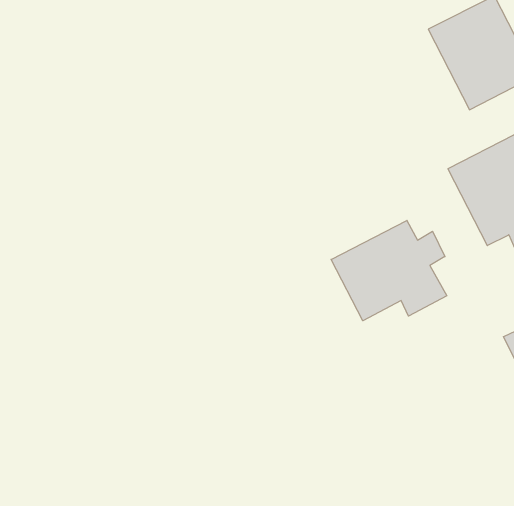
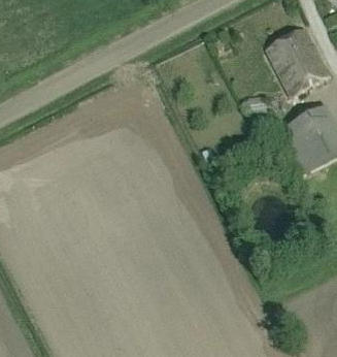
building: [331,220,447,321] -> none

